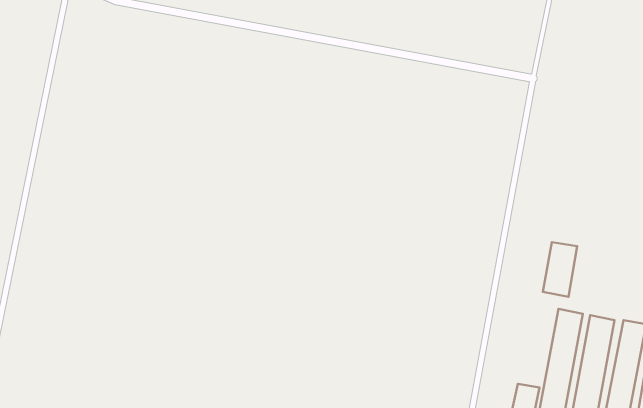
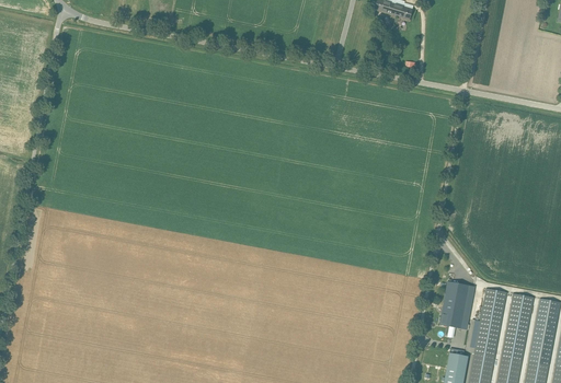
building: [543,242,577,297] -> [440,281,470,328]

